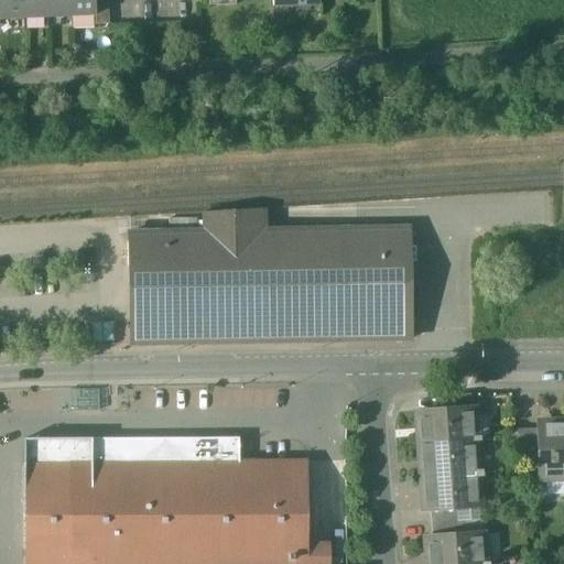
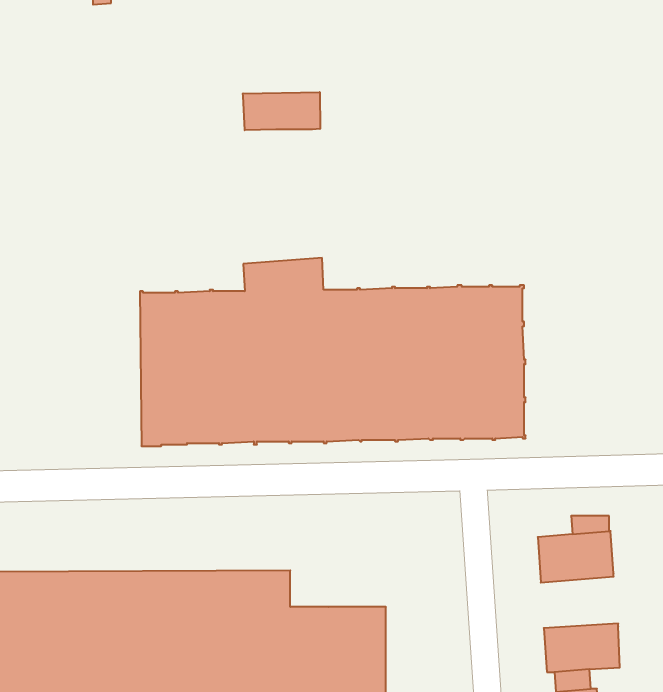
building: none -> [243,92,320,130]
building: [422,440,478,477] -> none

